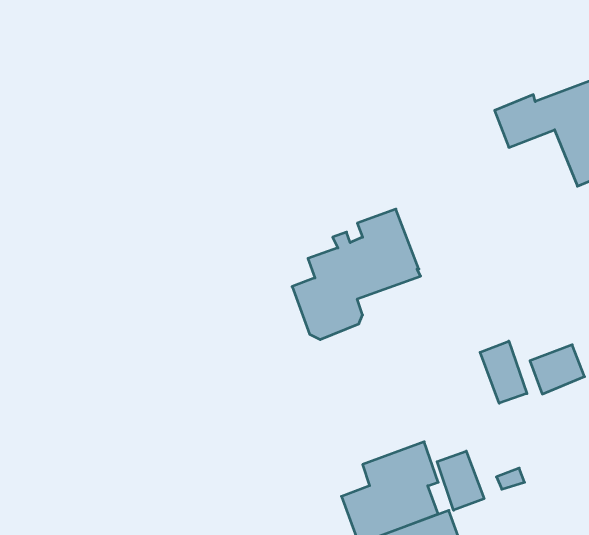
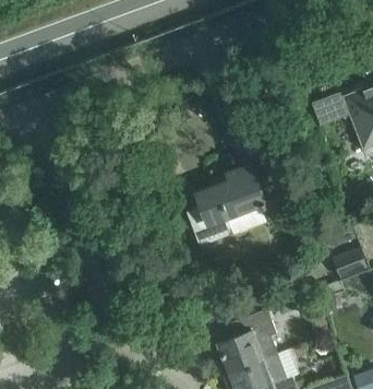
building: [480,341,527,403] -> none
building: [437,451,484,510] -> none

